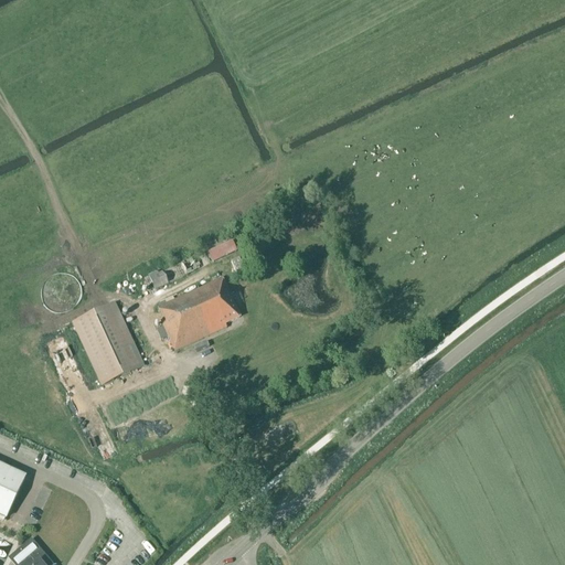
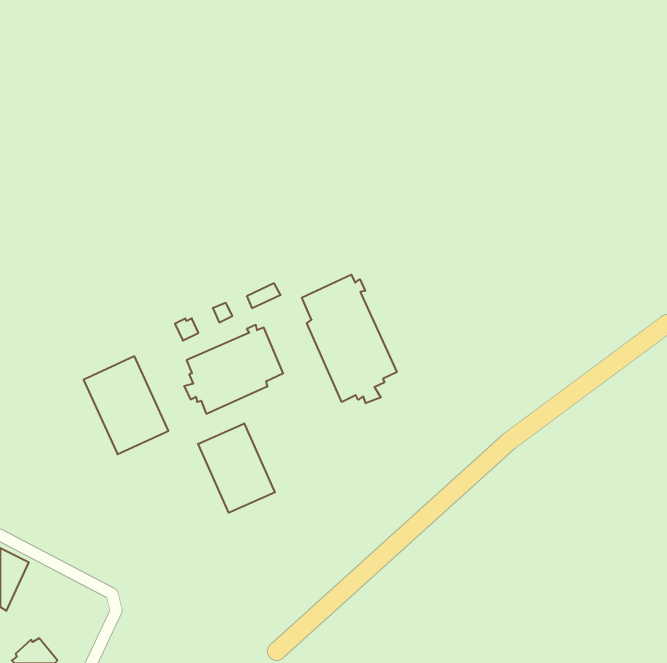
building: none -> [302,275,397,403]
building: none -> [198,423,275,513]

